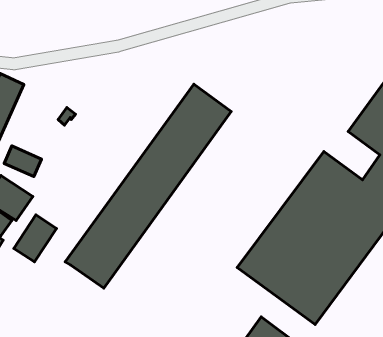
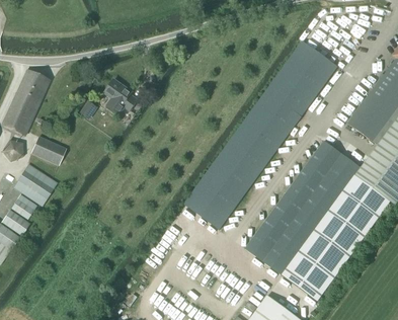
building: none -> [104,78,138,114]
building: [65,84,231,288] -> [184,39,337,228]
building: [14,215,56,262] -> none

